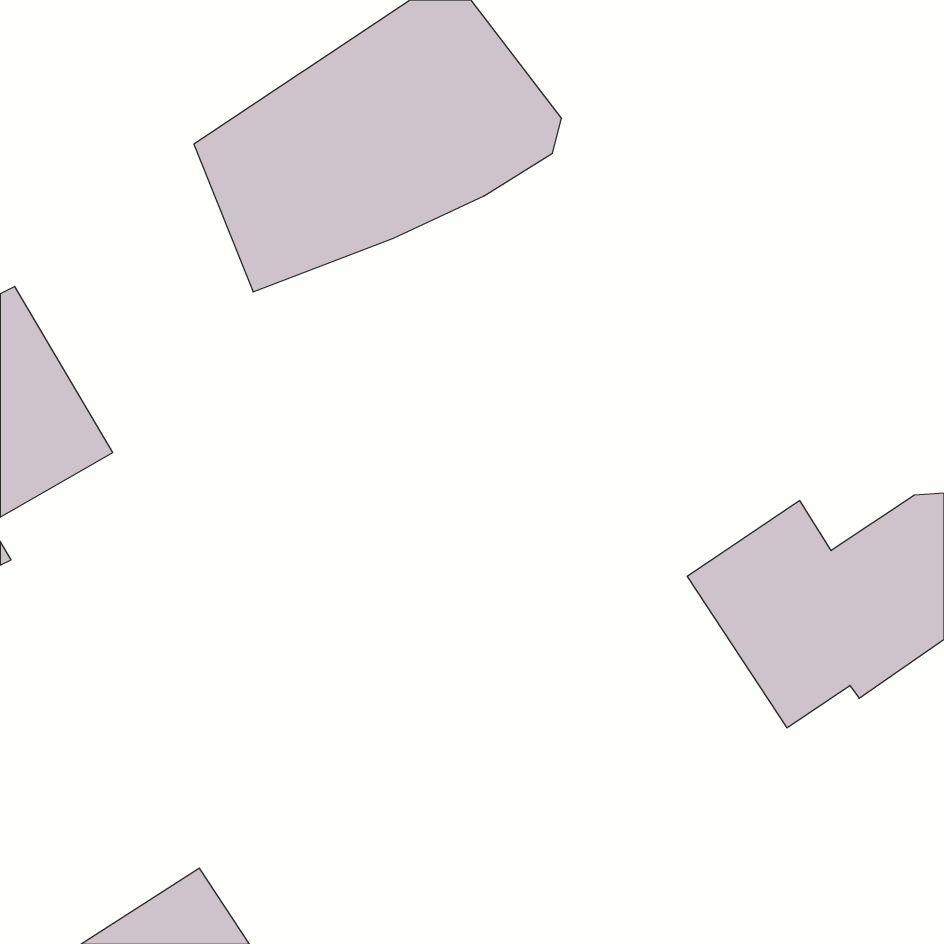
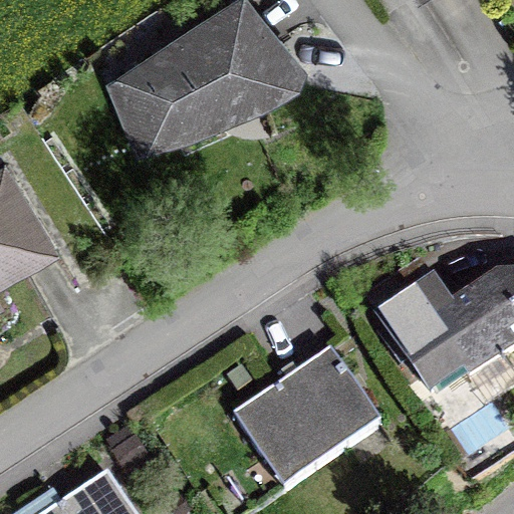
building: none -> [232,347,381,490]

